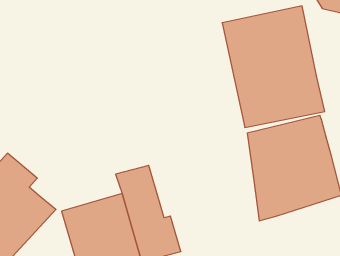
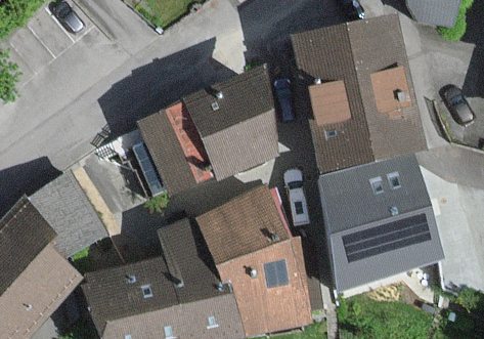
building: none -> [124,69,273,196]
building: none -> [18,171,108,260]
building: none -> [197,184,309,329]

